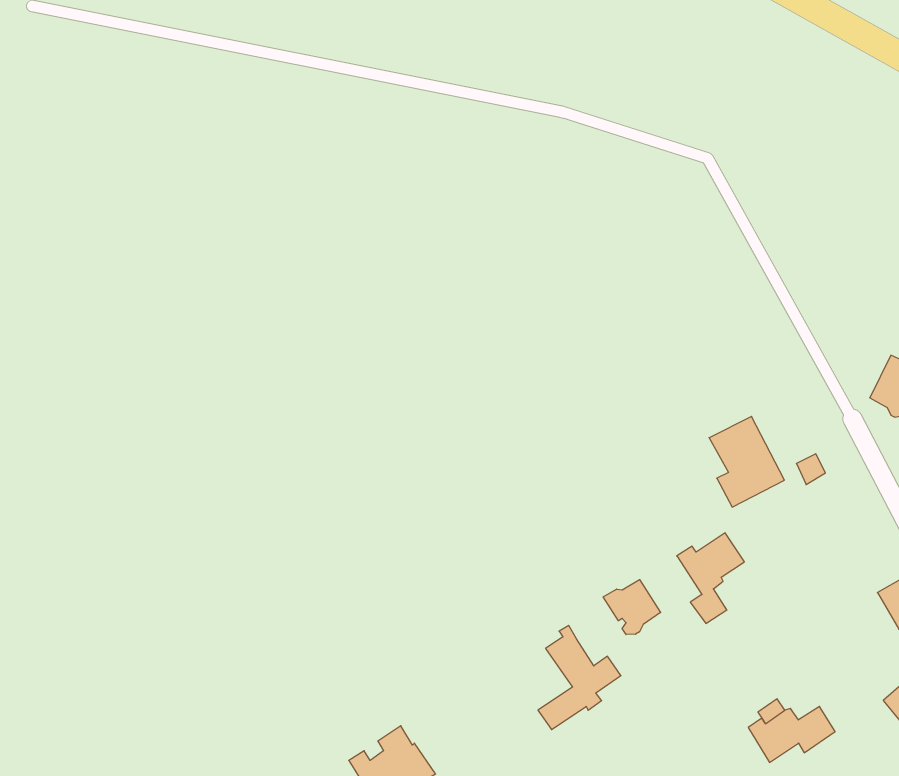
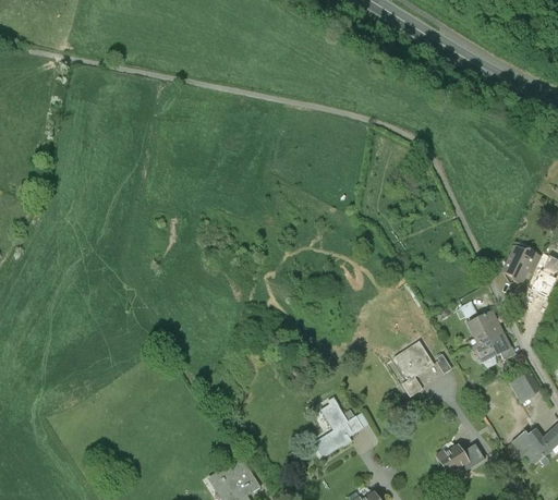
building: [709,416,784,507] -> [470,313,512,364]
building: [603,580,661,635] -> none

